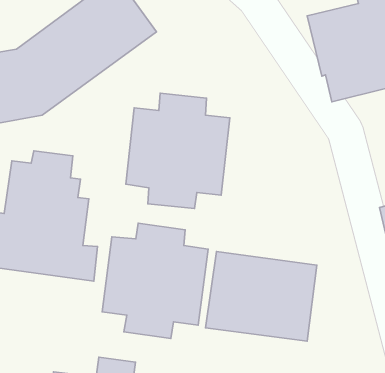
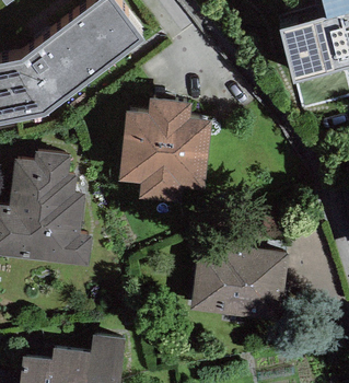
building: [102,223,208,338] -> none

